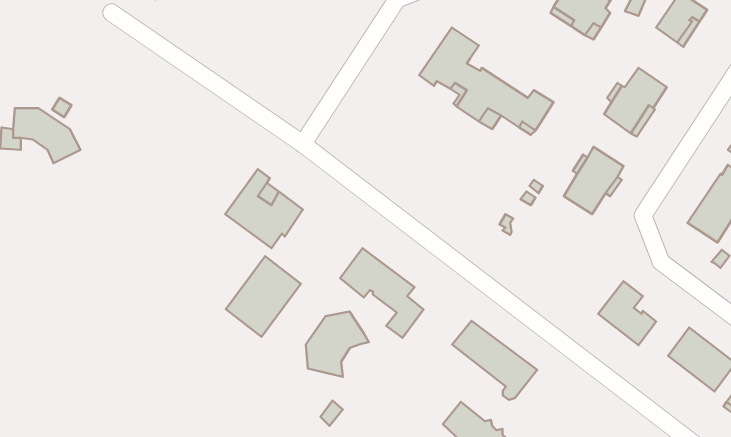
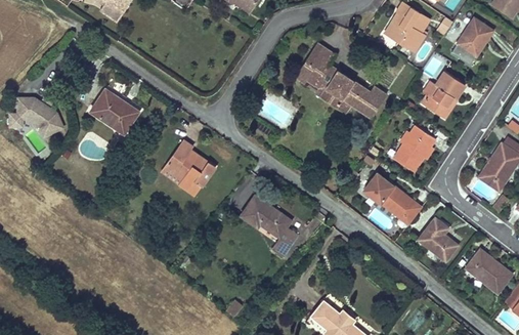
building: none -> [91,89,138,132]
building: [226,256,301,337] -> none
building: [306,311,369,377] -> none
building: [452,321,537,400] -> [363,173,422,227]

